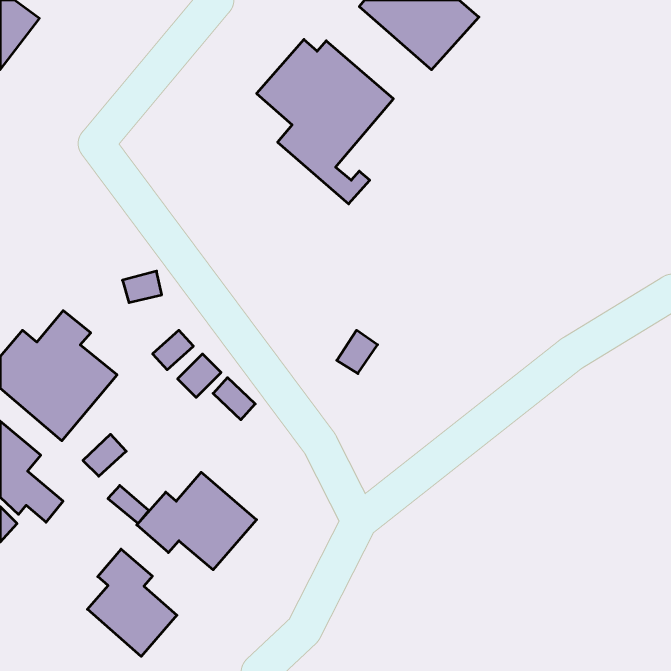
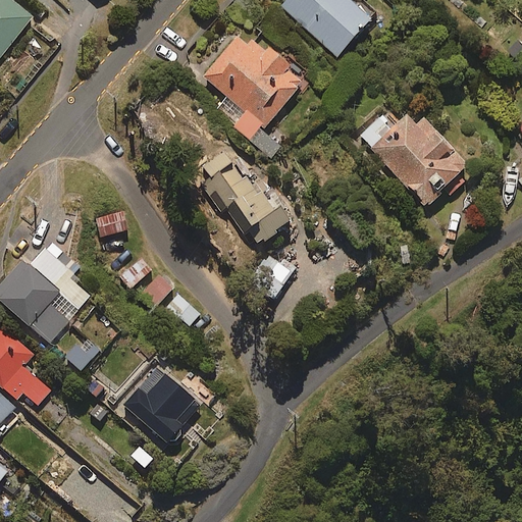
building: none -> [360,113,466,204]
building: none -> [192,151,290,243]
building: [87,549,177,656] -> none

